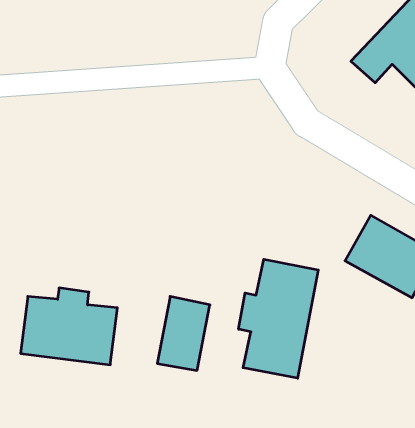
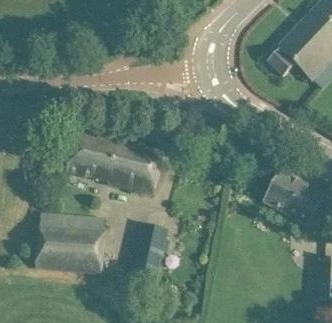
building: none -> [68,131,164,191]
building: [239,259,318,378] -> none

